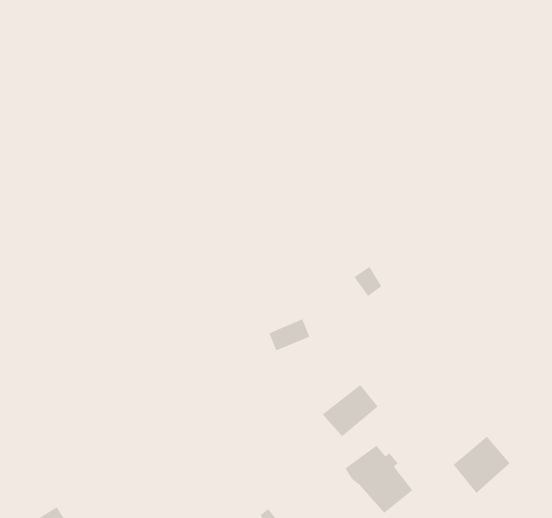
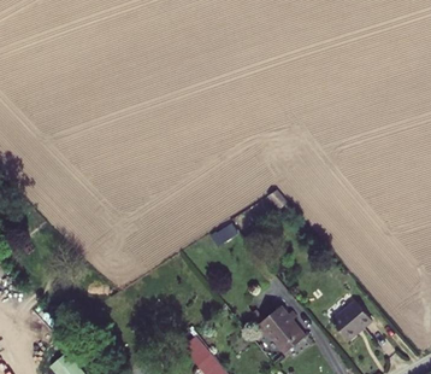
building: [322,384,379,437] -> none

